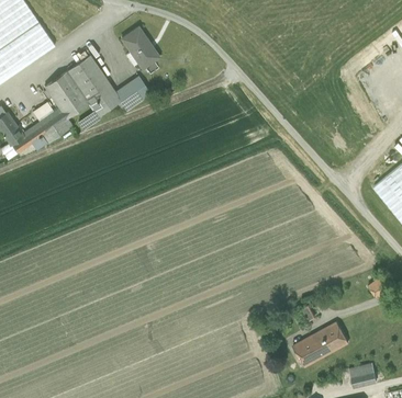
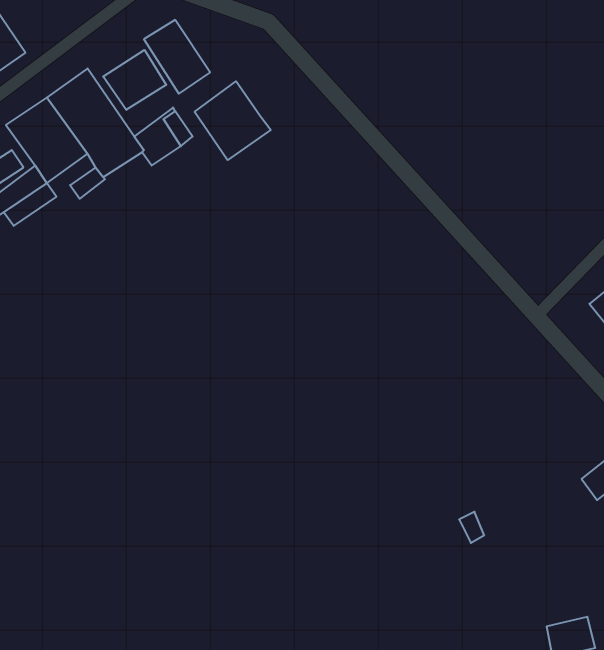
building: none -> [103,50,166,110]
building: none -> [195,81,271,160]
building: [293,322,348,367] -> none

